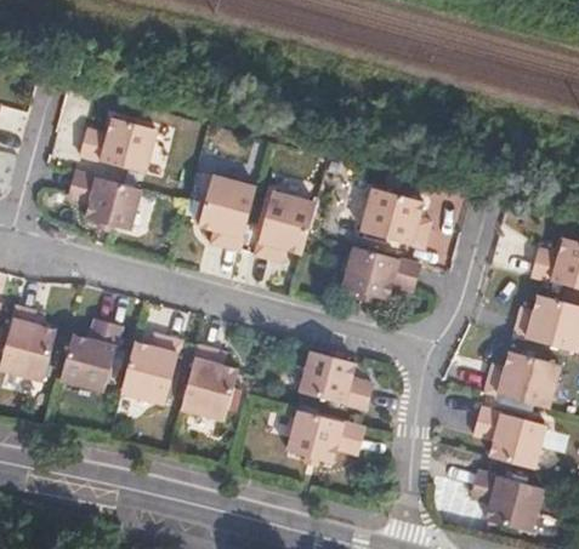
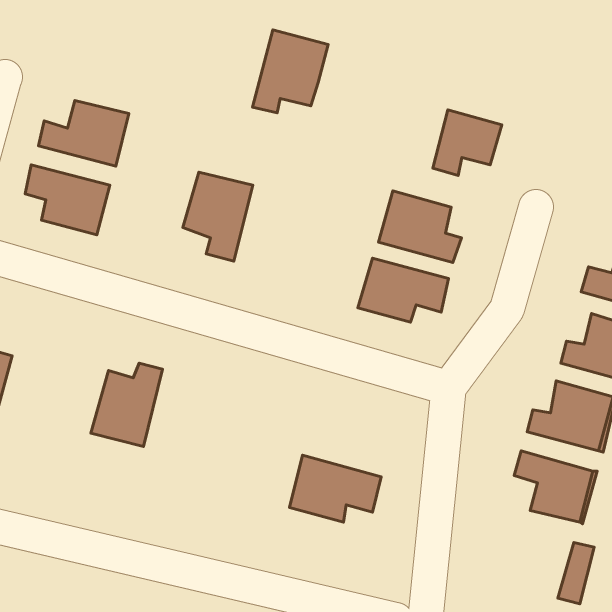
building: none -> [433,110,502,176]
building: [255,190,318,259] -> [252,30,328,113]
building: [62,319,123,389] -> none
building: [181,344,239,421] -> none
building: [301,351,369,408] -> none
building: [470,471,523,530] -> none

